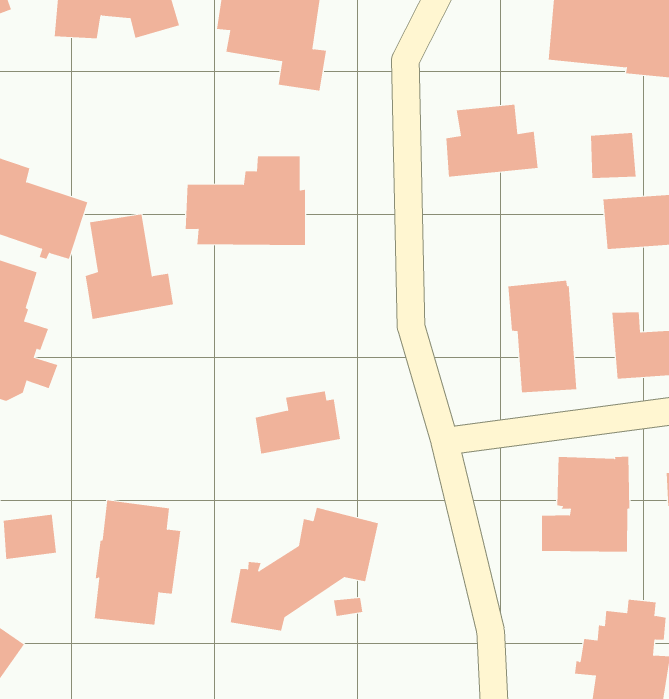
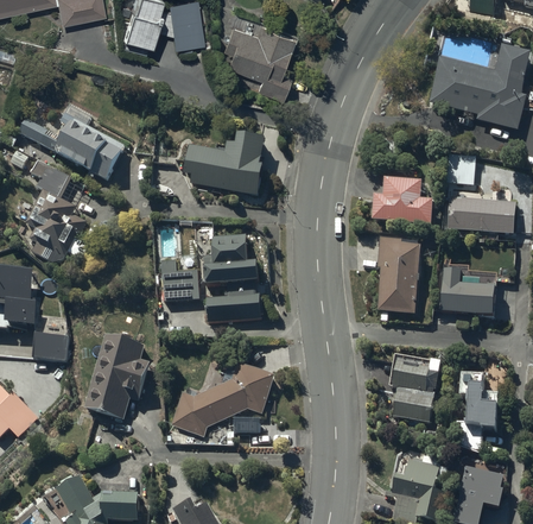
building: [446,104,539,177] -> [372,178,431,223]
building: [85,214,174,320] -> [203,221,256,283]
building: none -> [160,260,198,301]

